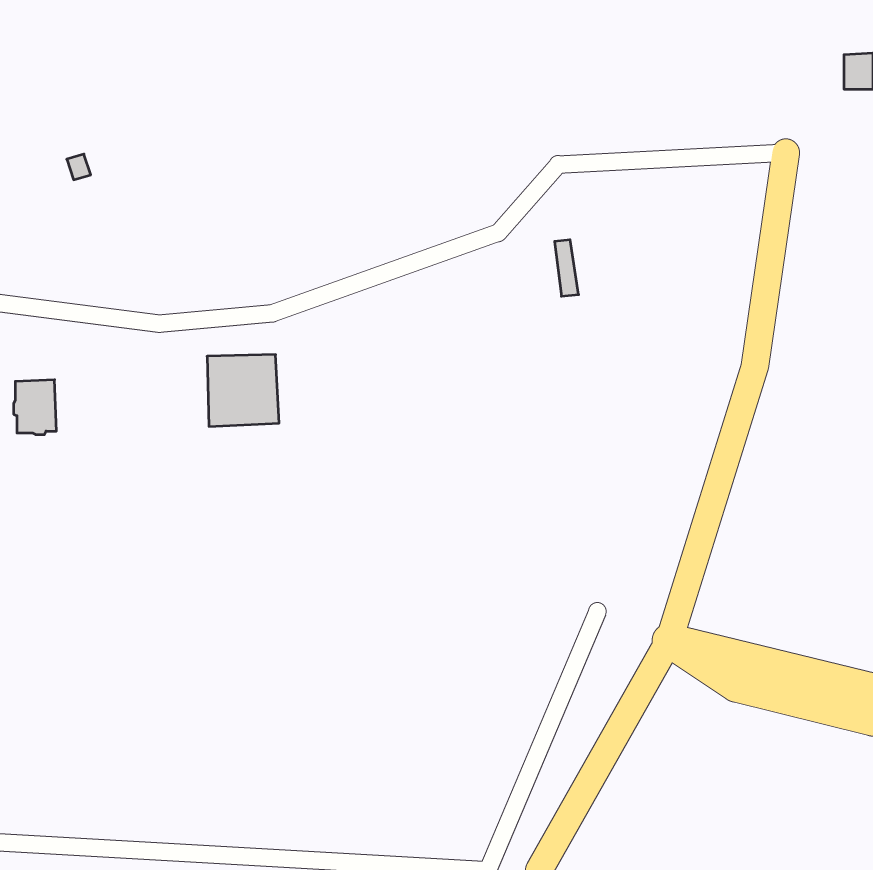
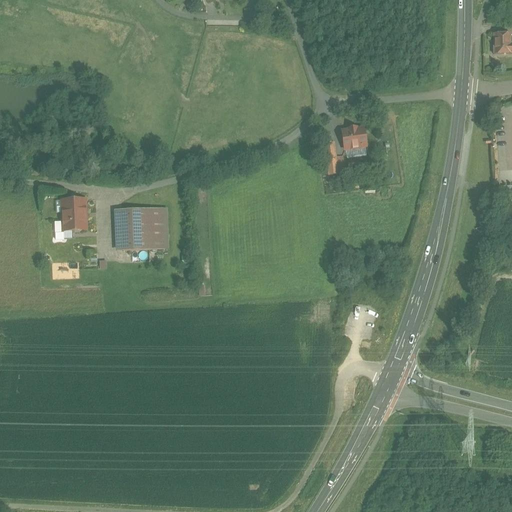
building: none -> [342,126,366,147]
building: [14,380,56,435] -> [61,198,86,230]

